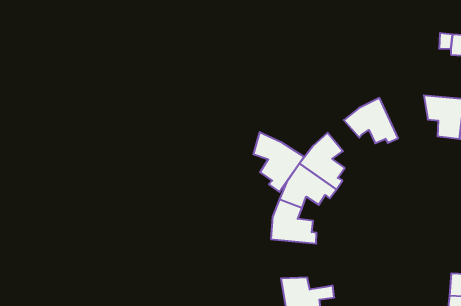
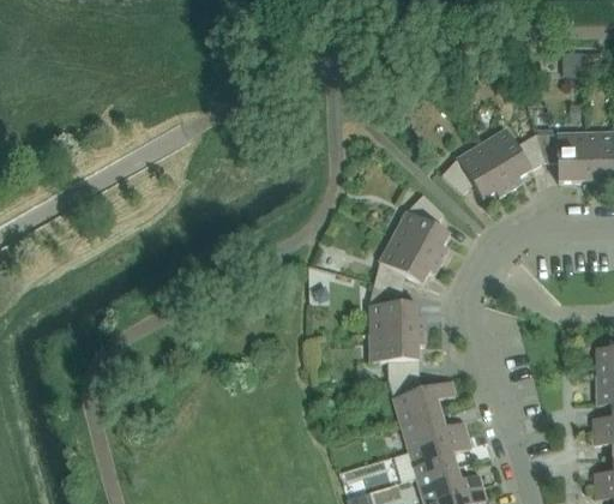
building: none -> [482,127,544,188]
building: [253,132,304,192] -> none
building: none -> [369,330,426,378]

